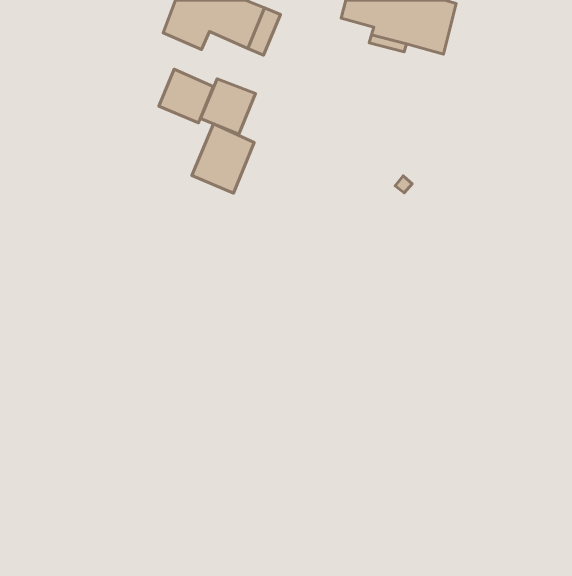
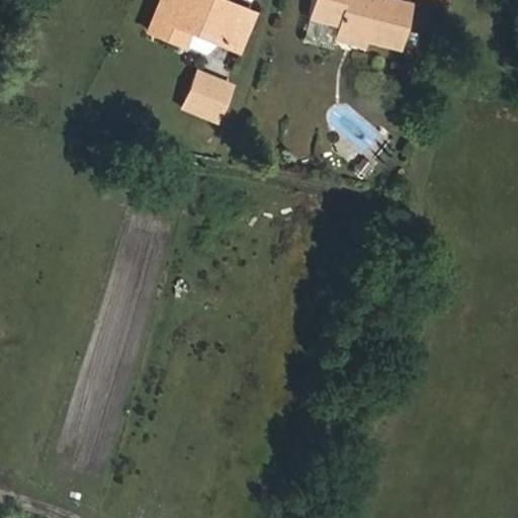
building: [159,69,213,123] -> none
building: [192,124,254,193] -> none

